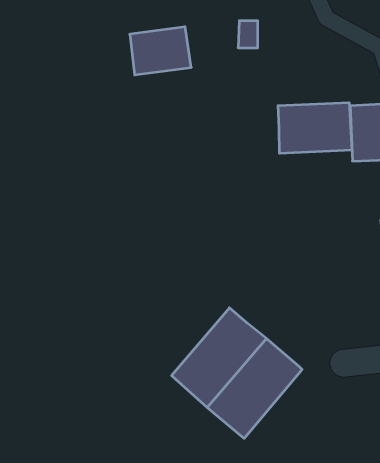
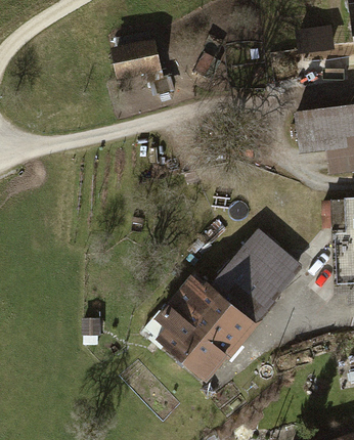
building: [278,103,352,153] -> none
building: none -> [209,231,300,323]

